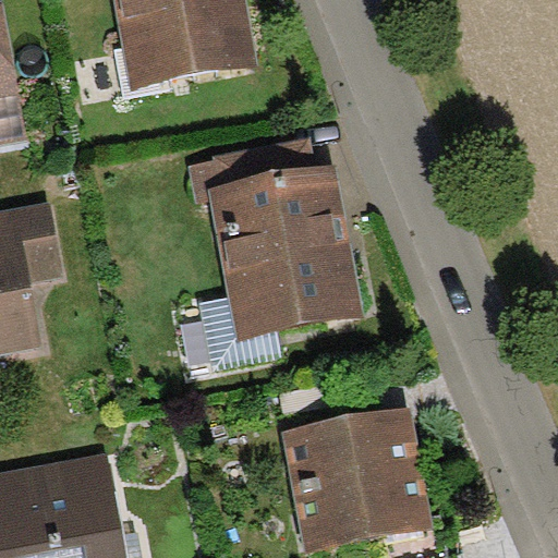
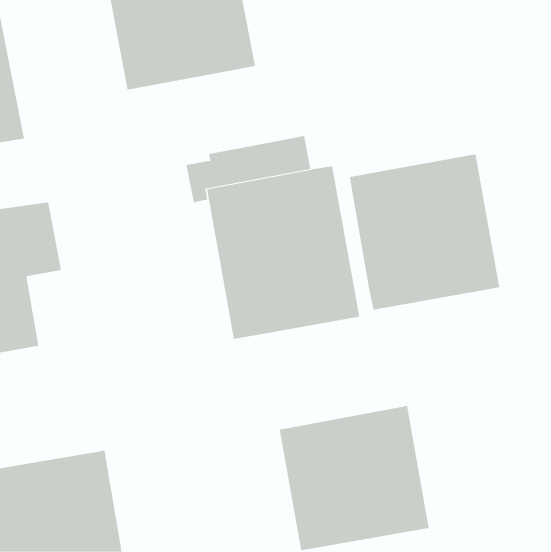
building: none -> [349,154,500,311]

